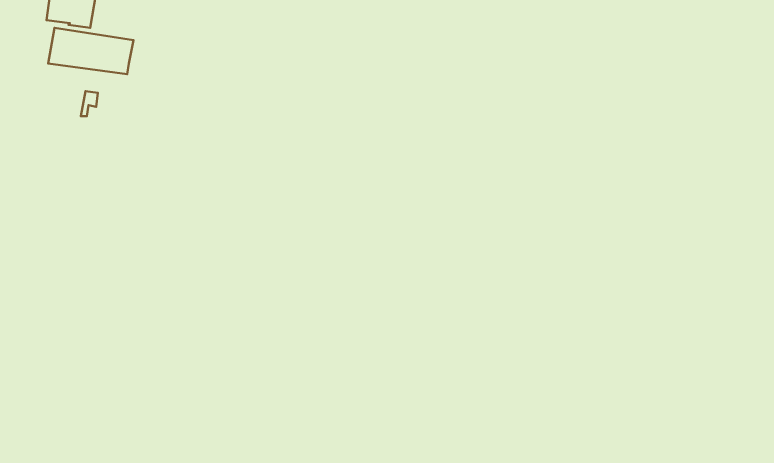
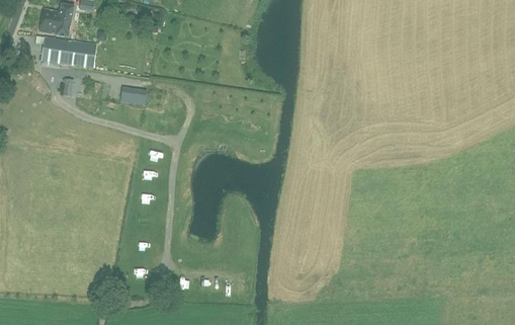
building: none -> [120,86,147,105]

